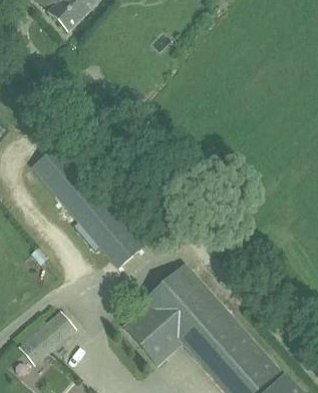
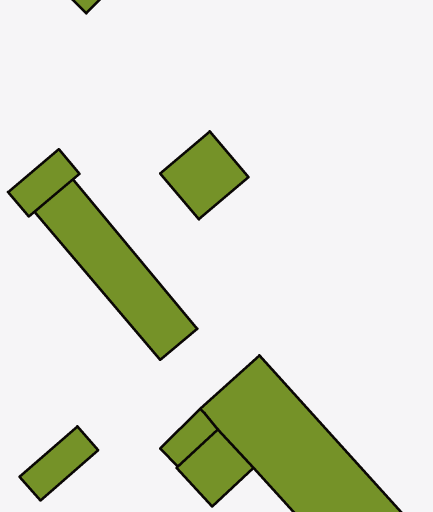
building: none -> [160,131,248,219]
building: none -> [8,149,79,216]

